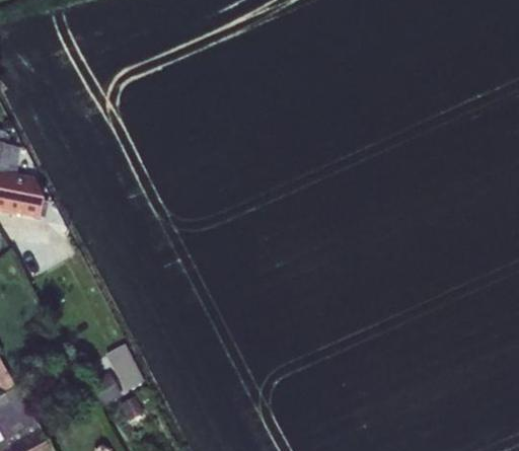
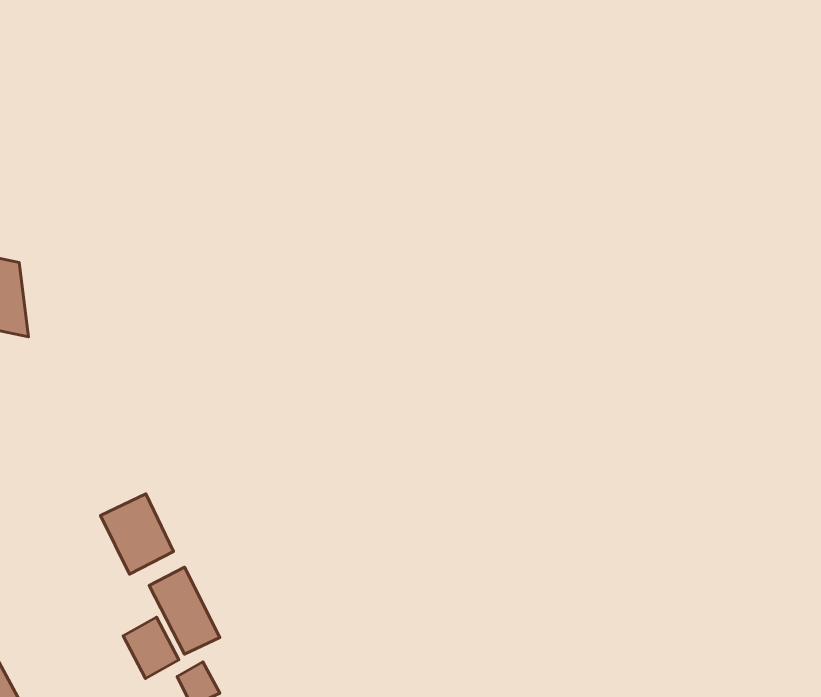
building: none -> [100,494,173,574]

